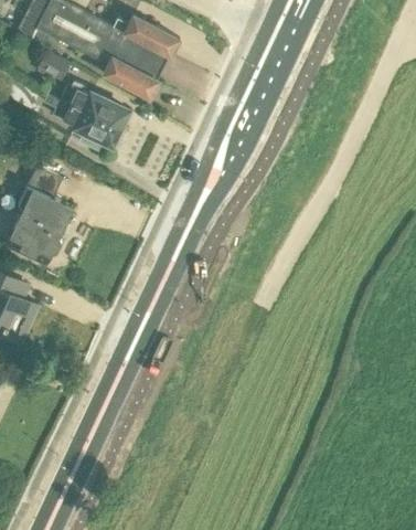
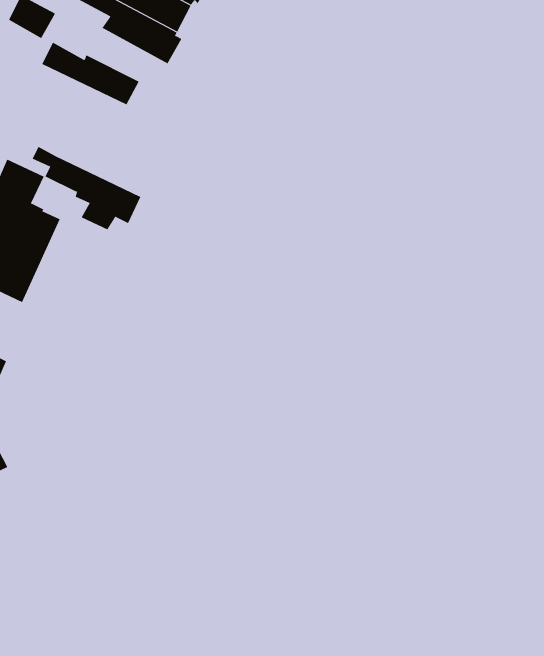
building: [43,92,119,150] -> [32,146,141,230]

